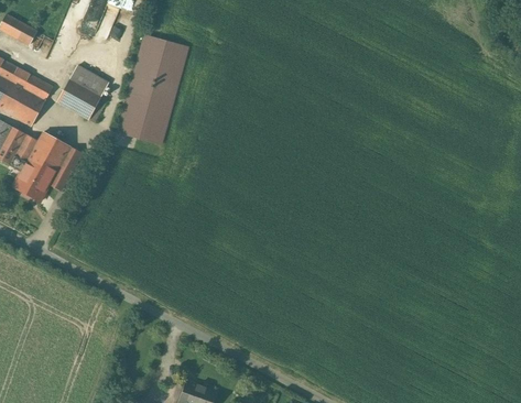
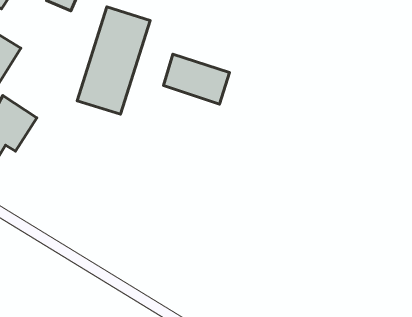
building: [59,64,111,119] -> none
building: none -> [164,54,229,104]

